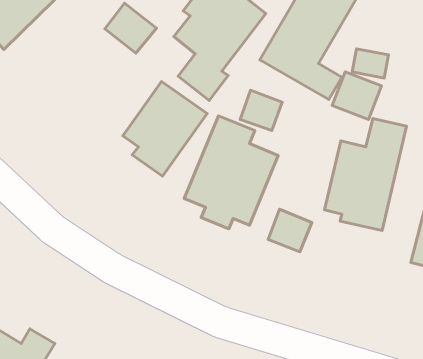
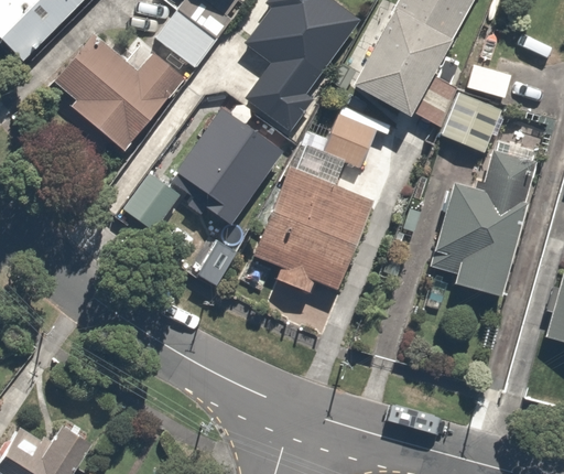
building: none -> [53,31,183,148]
building: none -> [121,171,182,234]
building: [268,209,312,252] -> none

